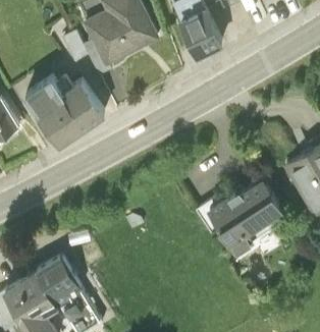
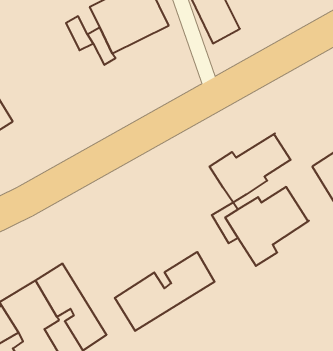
building: [31,77,104,141] -> none
building: none -> [210,133,291,203]
building: none -> [115,252,215,331]

